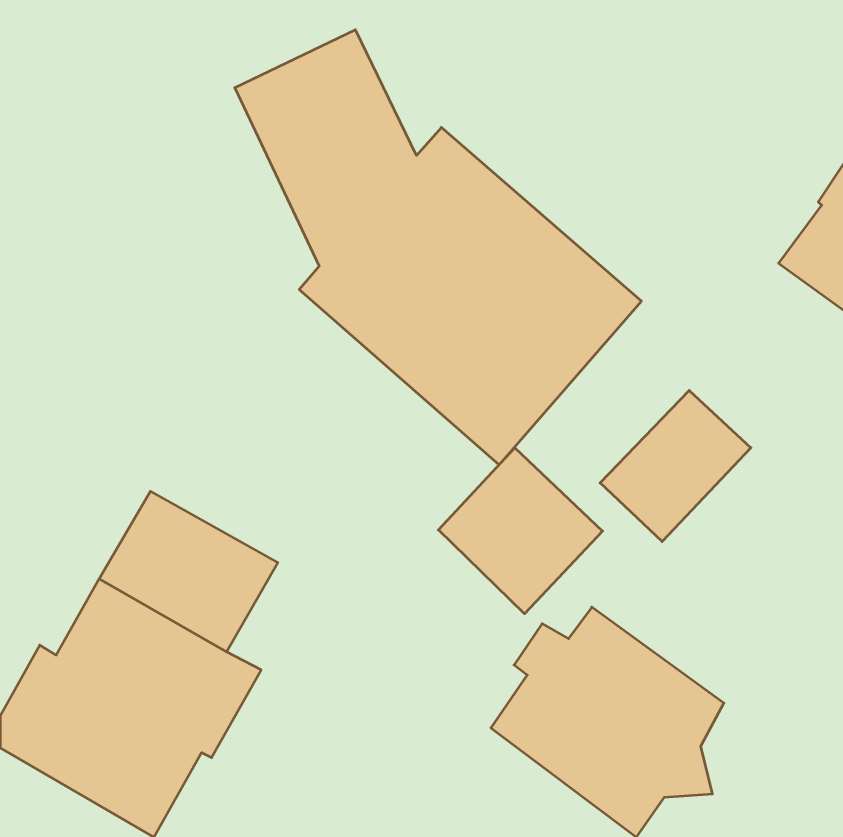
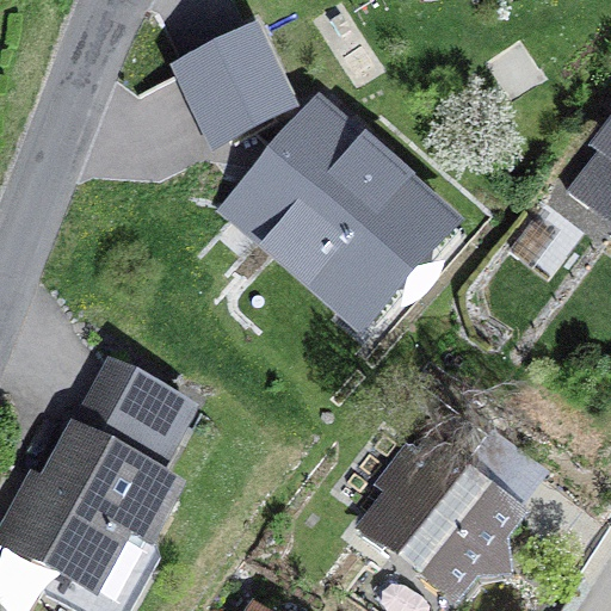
building: [600,390,751,542] -> none
building: [438,448,603,614] -> none

